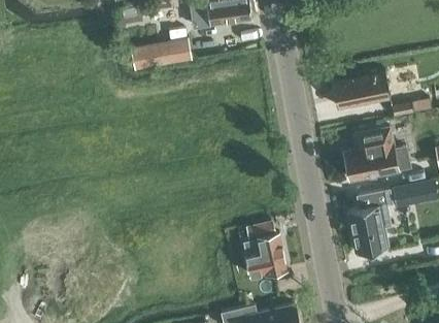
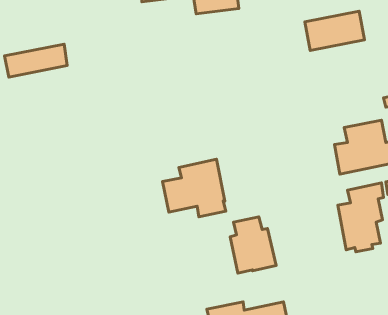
building: [130,37,191,69] -> [4,44,67,77]
building: [332,70,390,108] -> [305,11,364,50]
building: none -> [163,159,226,217]

